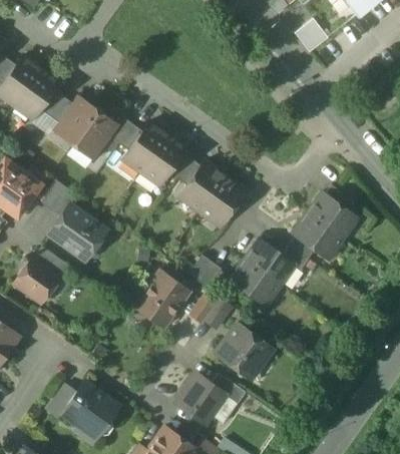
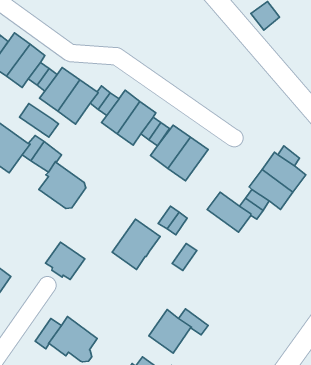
building: none -> [19,103,59,137]
building: [13,260,58,303] -> [46,242,85,280]
building: [230,260,280,306] -> none
building: [215,325,272,377] -> none

